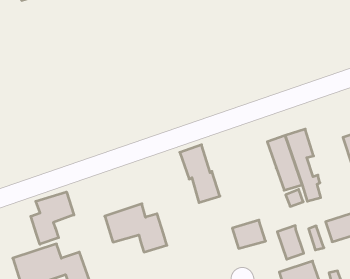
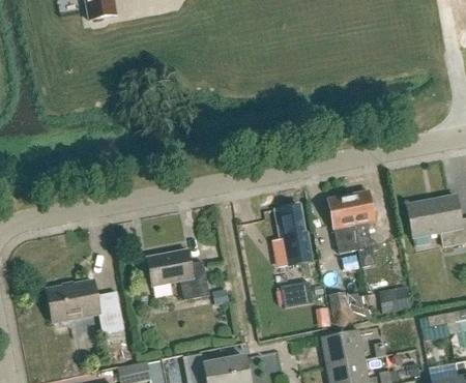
building: [180,145,220,203] -> [275,203,312,263]
building: [31,192,74,244] -> none

